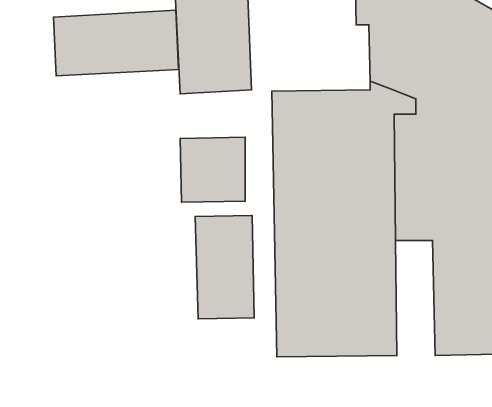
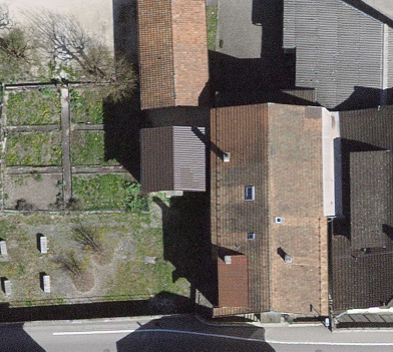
building: [54,10,179,76] -> none
building: [195,216,254,319] -> none

